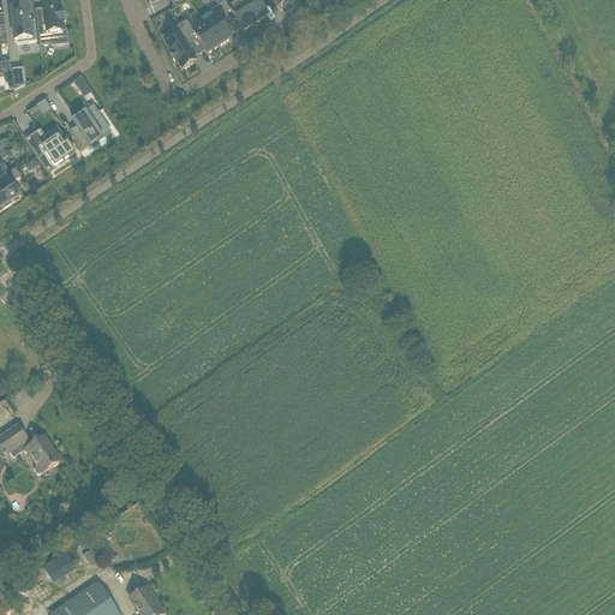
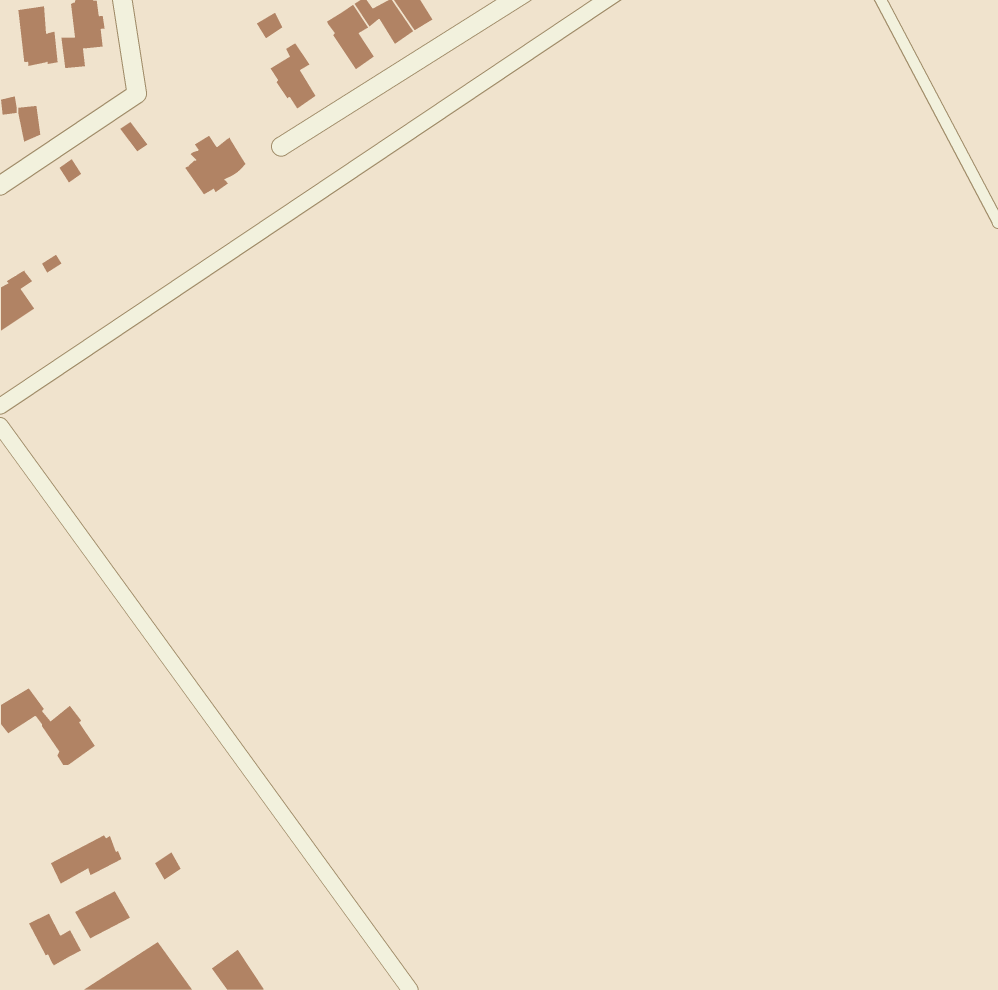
building: [179,16,219,50] -> none
building: [70,108,108,145] -> [184,135,247,195]
building: [25,130,70,169] -> none
building: none -> [50,835,122,885]
building: none -> [28,913,82,966]

